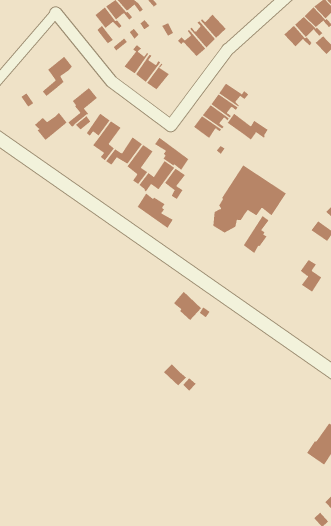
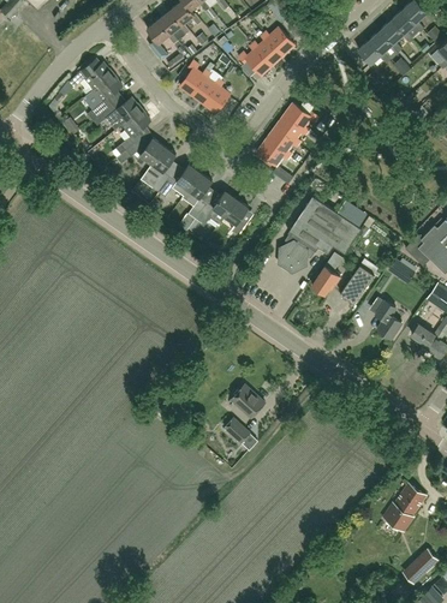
building: none -> [70,59,113,90]
building: [34,112,68,141] -> [103,97,141,130]
building: [227,113,268,140] -> none
building: [154,137,189,171] -> none
building: [137,192,173,229] -> none
building: none -> [340,265,375,304]
building: [170,291,202,321] -> [228,384,264,418]

